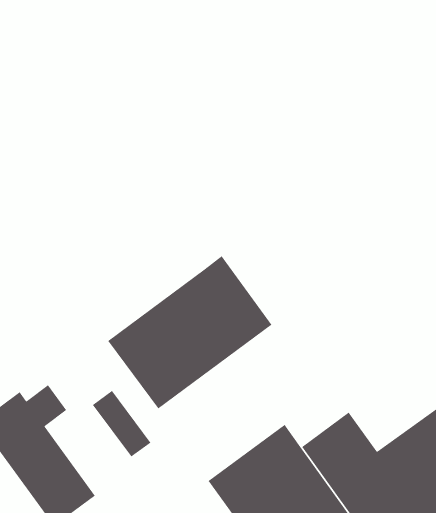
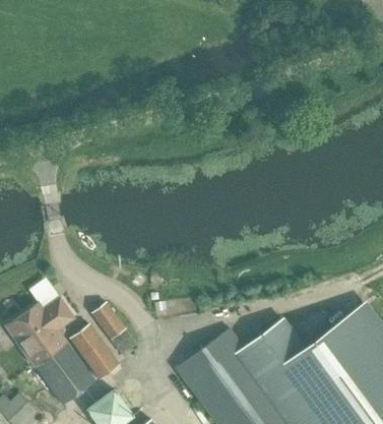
building: [107,255,273,410] -> none
building: none -> [69,323,118,377]

